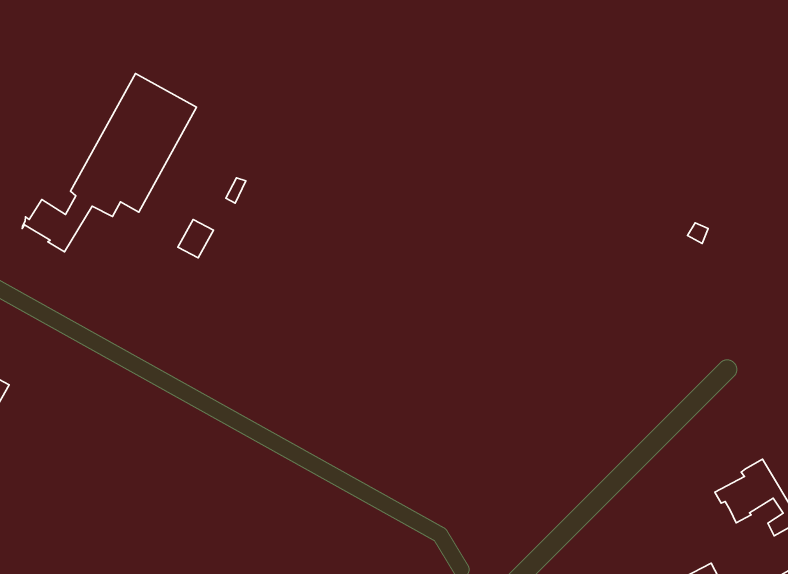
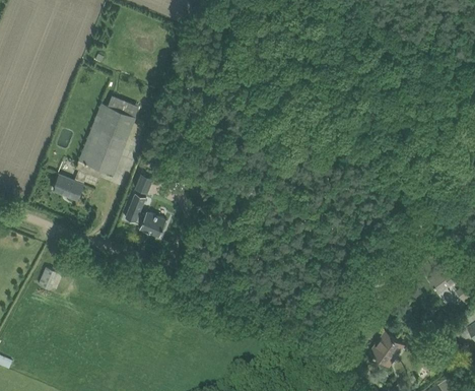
building: none -> [125,192,166,236]

